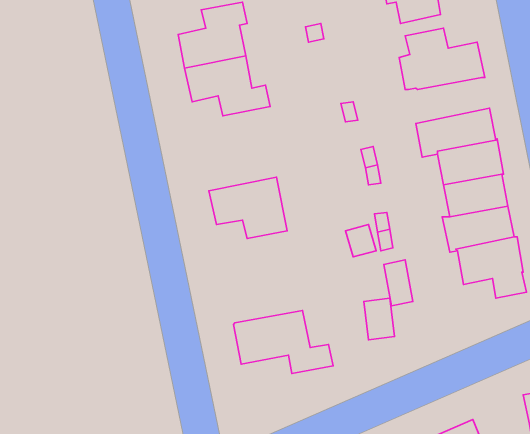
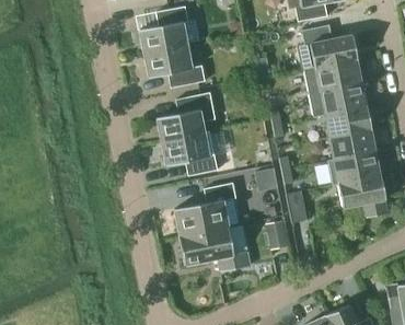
building: none -> [303,60,361,93]
building: none -> [157,93,215,141]
building: none -> [174,183,235,235]

